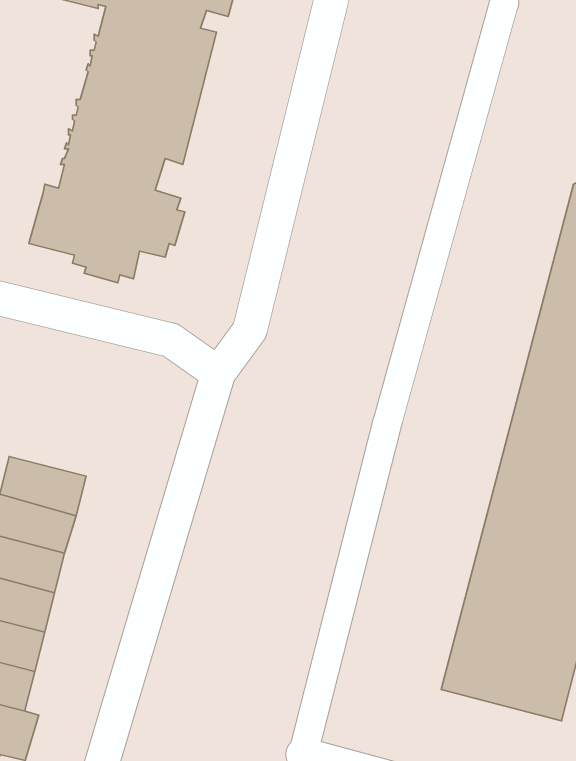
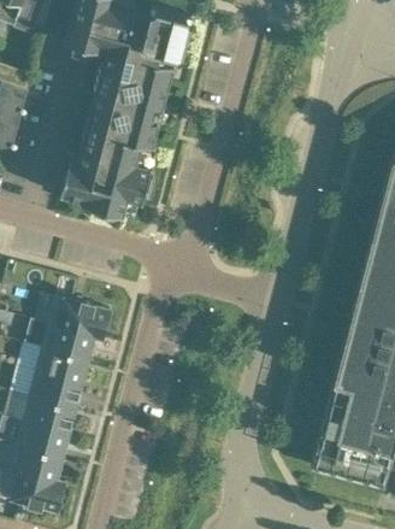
building: none -> [47,296,110,340]

